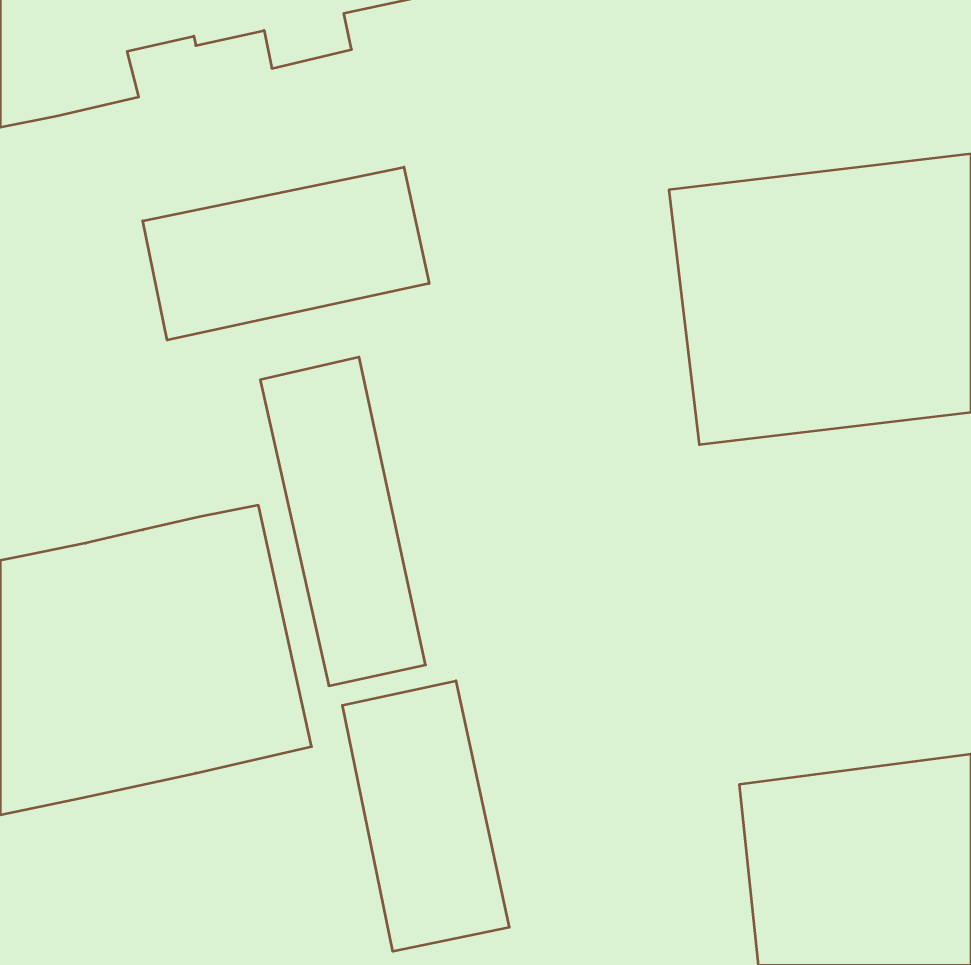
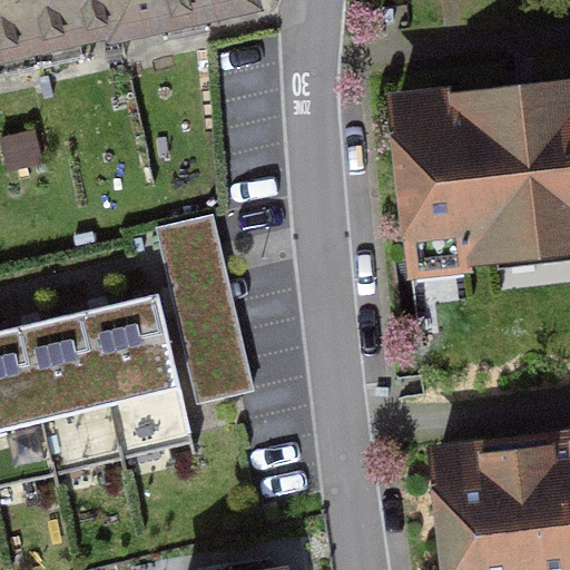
building: [143,167,429,340] -> none
building: [342,681,509,951] -> none

